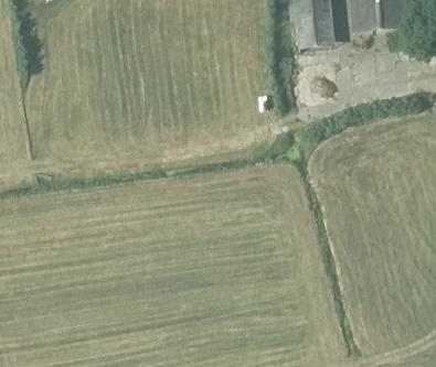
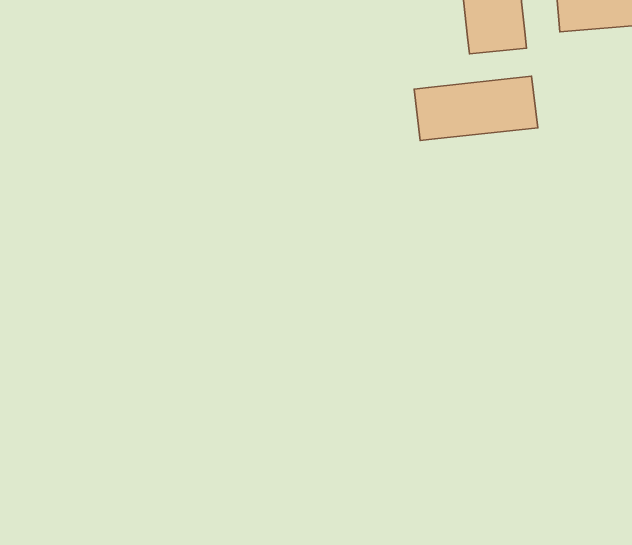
building: none -> [414,76,538,140]

